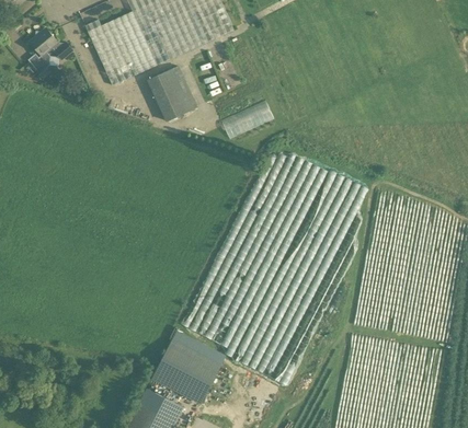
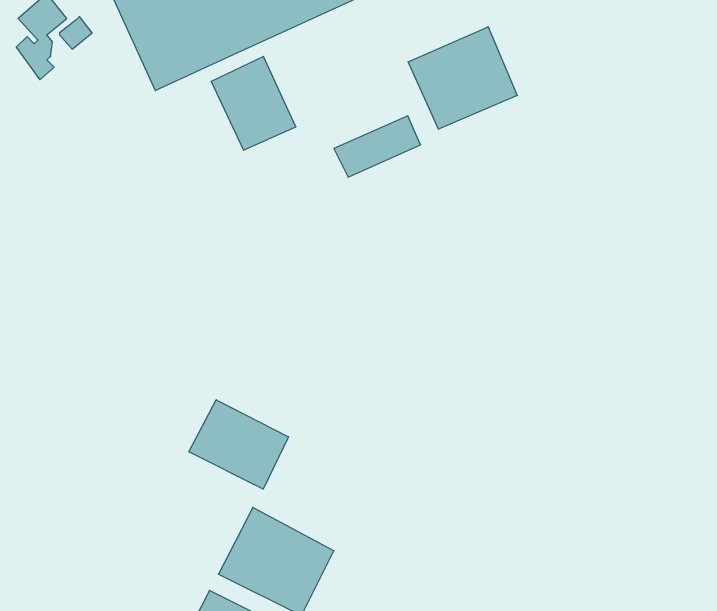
building: none -> [408,27,517,129]
building: none -> [189,400,289,489]

